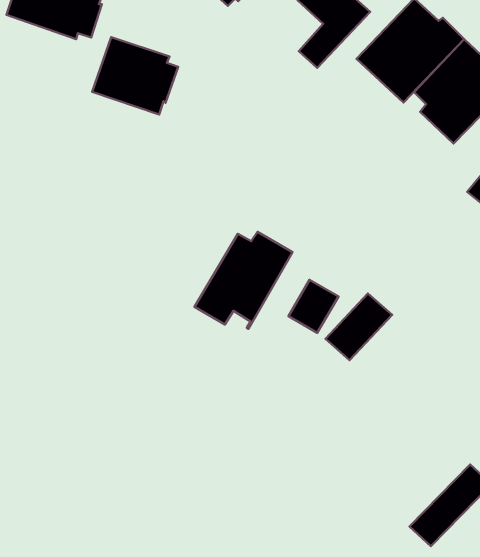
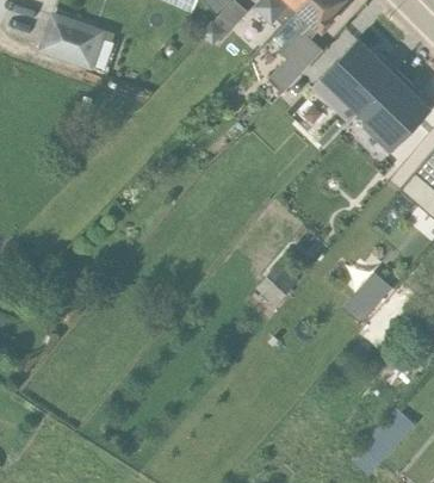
building: [92,37,178,115] -> none
building: [195,232,293,329] -> none
building: [325,293,392,360] -> [345,266,397,318]

